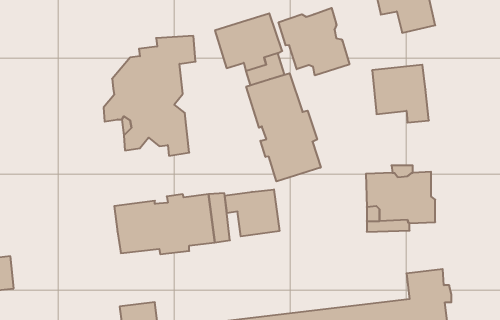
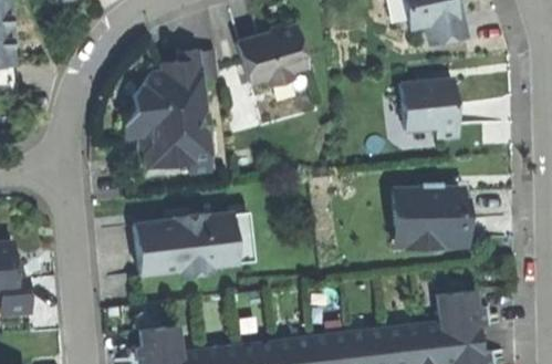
building: [279,8,349,75] -> none
building: [246,73,321,181] -> none
building: [225,189,279,236] -> none

